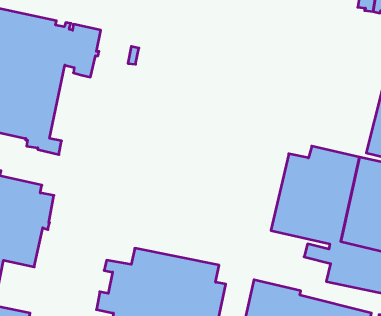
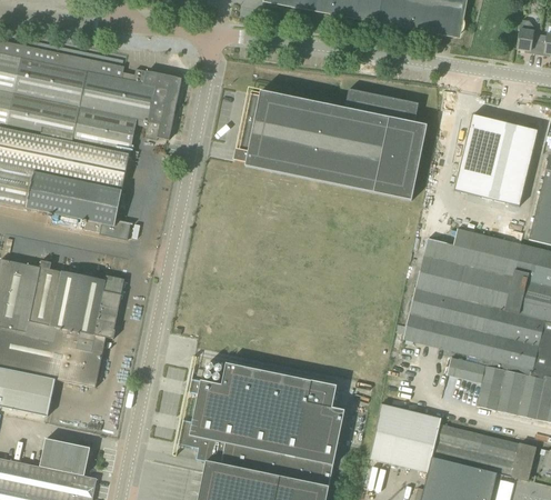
building: none -> [233,89,428,200]
building: none -> [455,107,540,199]

